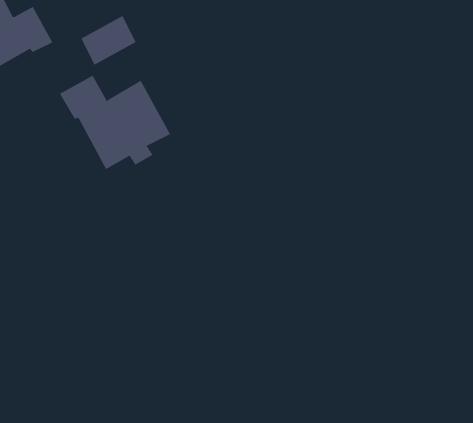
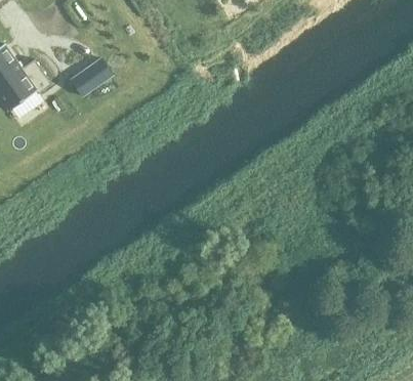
building: [59,75,171,170] -> none

